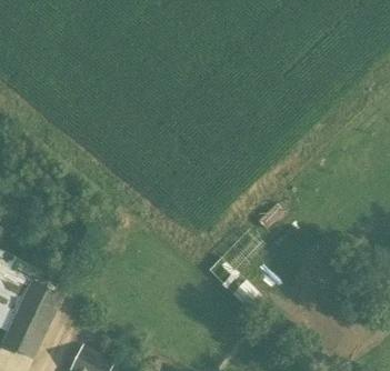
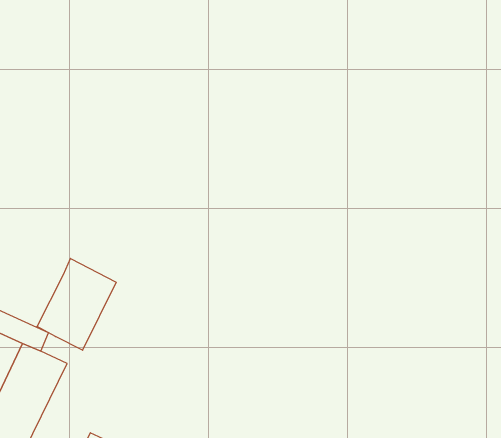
building: none -> [37,258,116,350]

